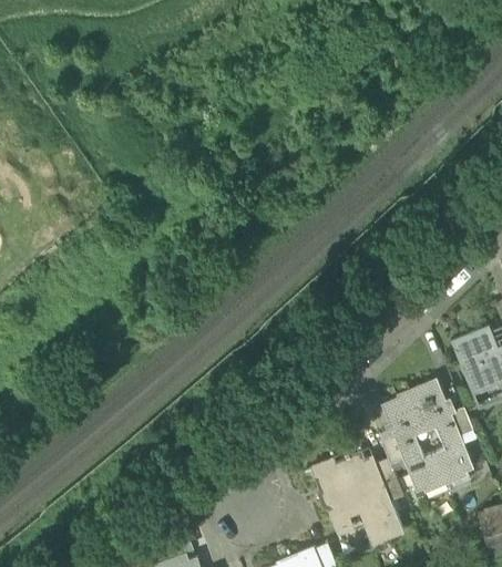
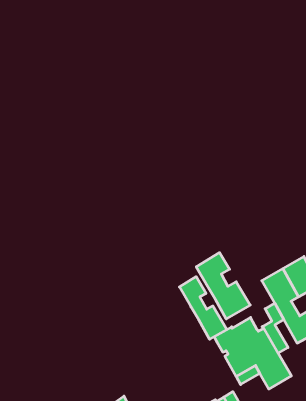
building: none -> [196,253,250,319]
building: none -> [179,277,227,339]

